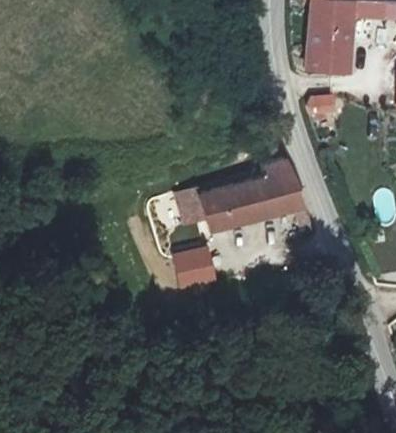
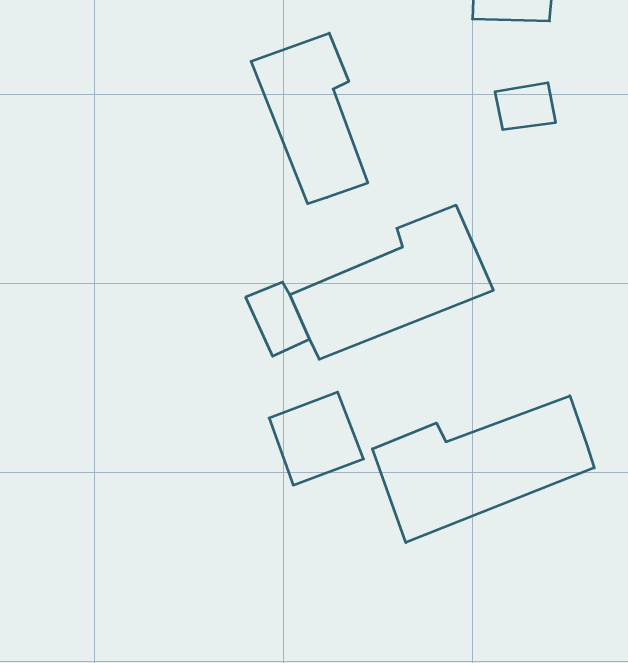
building: none -> [251,33,368,204]
building: none -> [372,396,594,543]

